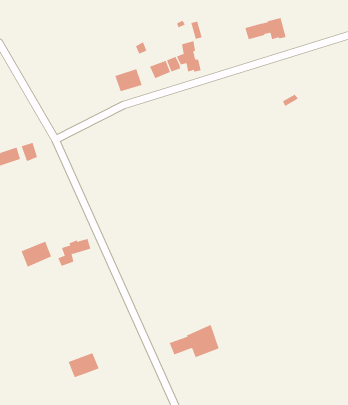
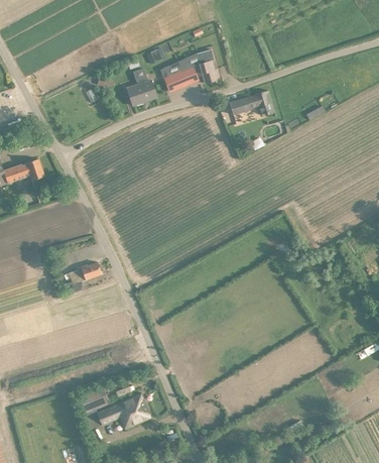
building: [245,17,287,40] -> [228,91,273,115]
building: [21,241,52,268] -> none
building: [169,324,220,358] -> [95,391,149,428]

